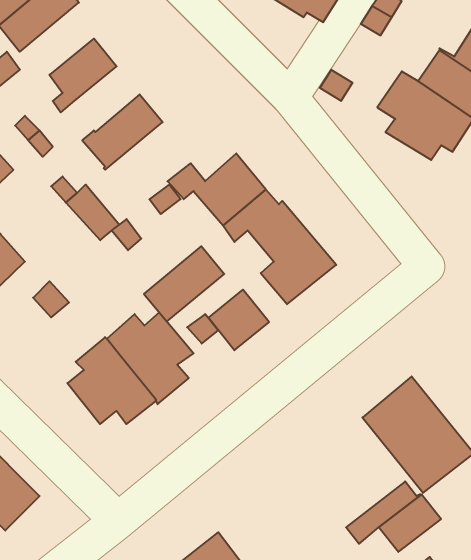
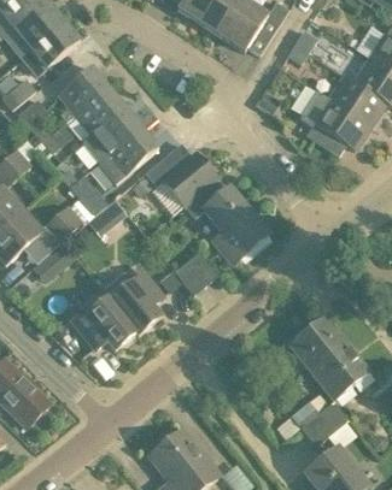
building: none -> [75,88,124,136]
building: none -> [42,205,83,246]
building: [144,246,224,322] -> [99,129,158,184]

